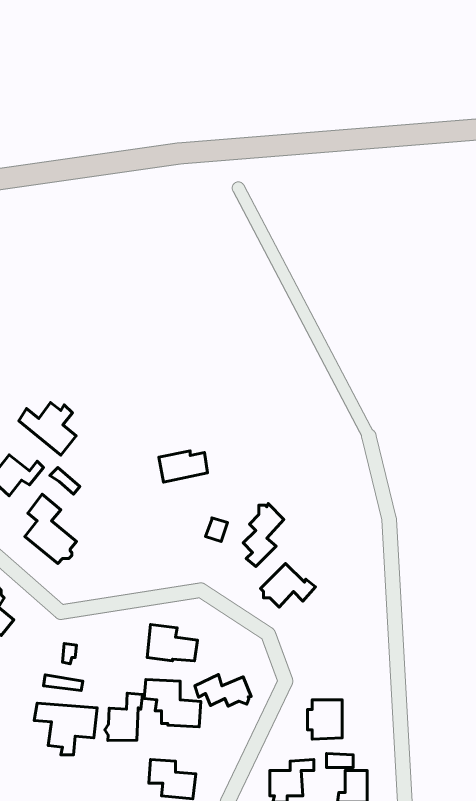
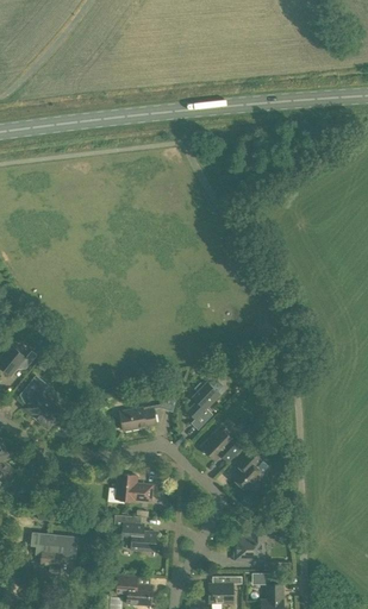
building: [19,403,76,455] -> none
building: [159,451,208,482] -> [119,407,156,431]
building: none -> [231,448,262,491]
building: [195,675,251,706] -> none
building: [105,693,142,740] -> none

